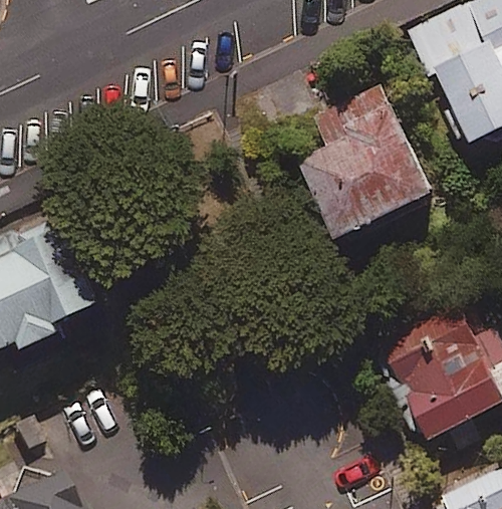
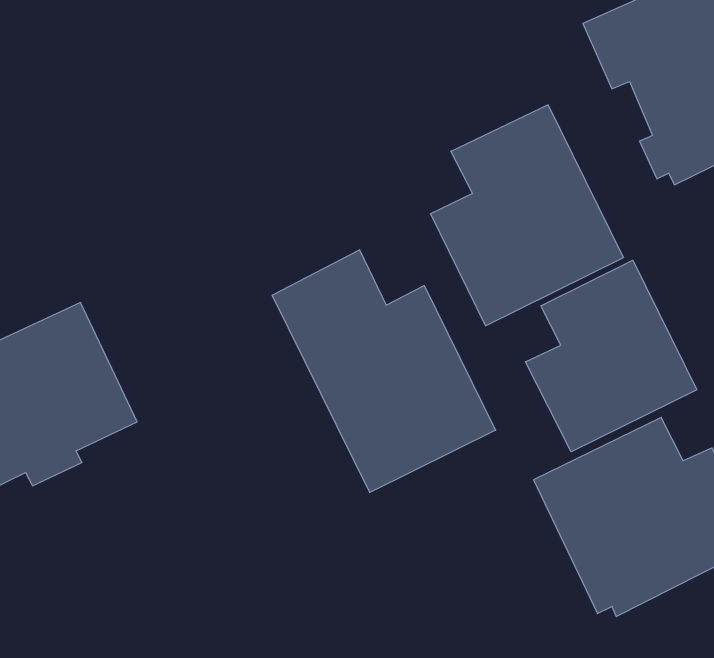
building: none -> [272,250,496,492]
building: none -> [525,260,697,452]

